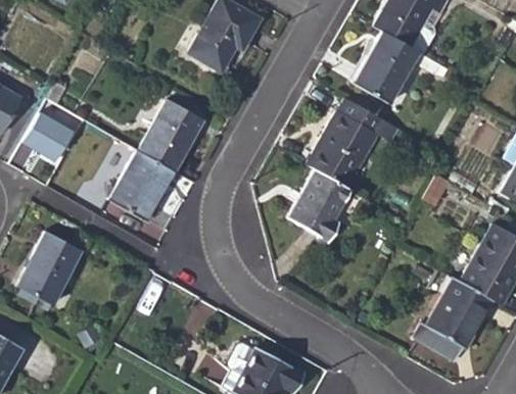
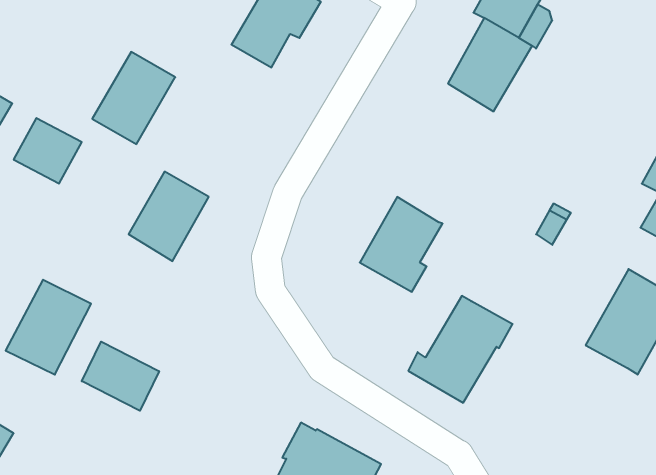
building: [139,98,202,168] -> [92,52,175,144]
building: [308,99,394,188] -> none
building: [413,278,492,359] -> [408,296,513,403]
building: none -> [82,342,159,411]

